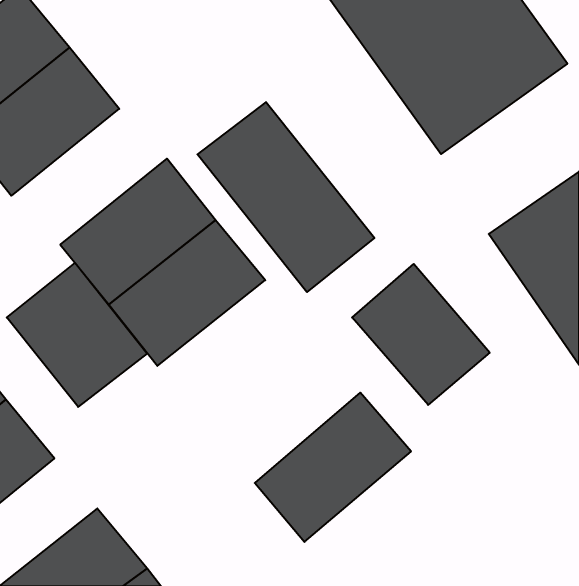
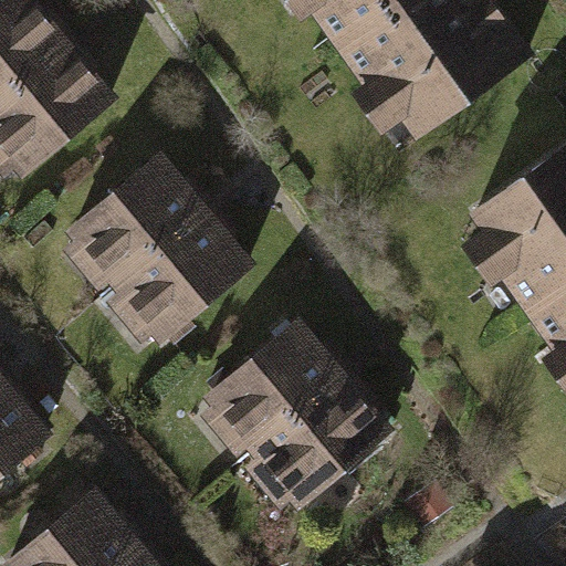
building: [197,102,374,292] -> none
building: [7,263,147,407] -> none
building: [352,264,490,405] -> none
building: none -> [196,319,344,461]

